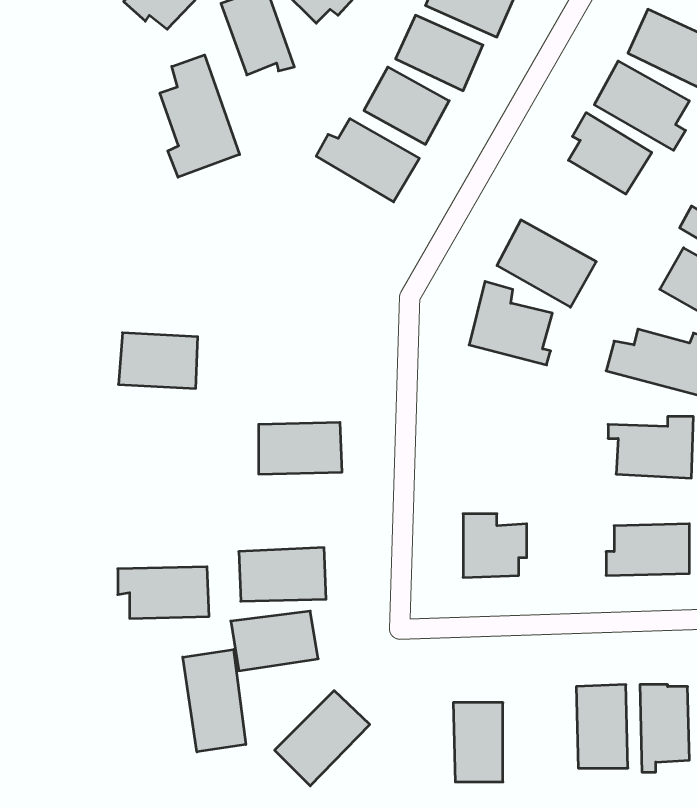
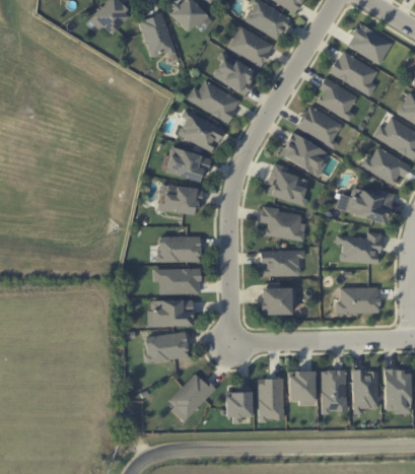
building: [160,55,240,177] -> none
building: none -> [297,106,344,147]
building: none -> [178,111,224,152]
building: none -> [164,147,211,182]
building: [118,333,198,388] -> [159,186,200,214]
building: none -> [261,208,304,241]
building: none -> [261,250,304,276]
building: [118,567,209,618] -> [154,268,201,294]
building: [183,649,246,752] -> none
building: none -> [288,370,316,405]
building: none -> [225,387,252,418]

